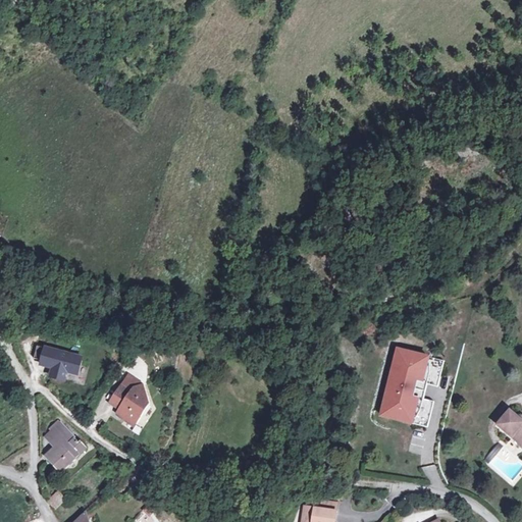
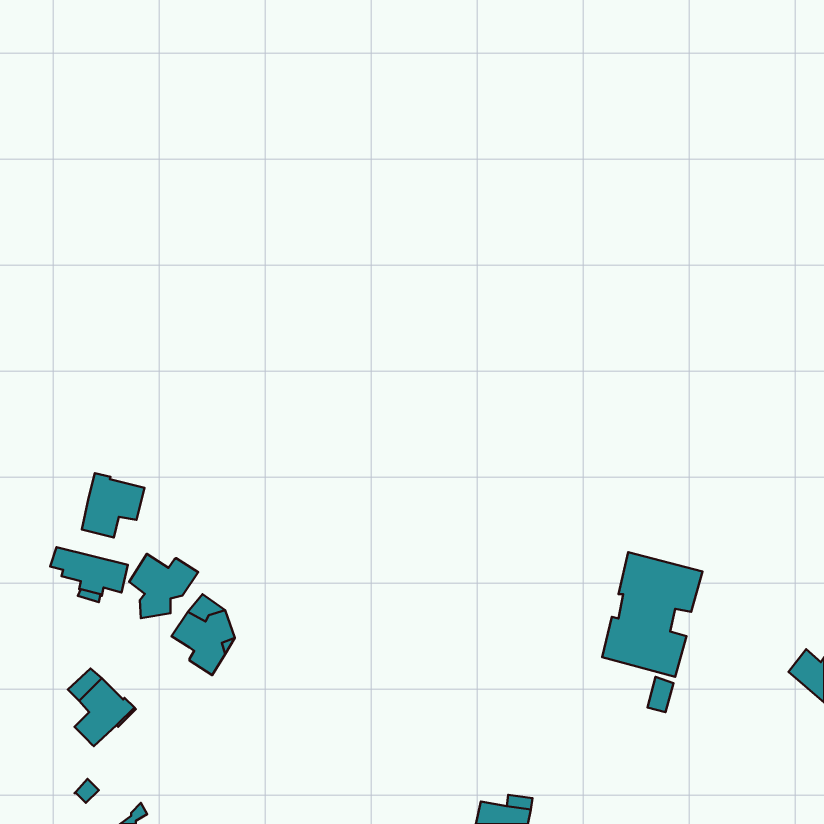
building: none -> [82,473,144,537]
building: none -> [129,554,198,618]

